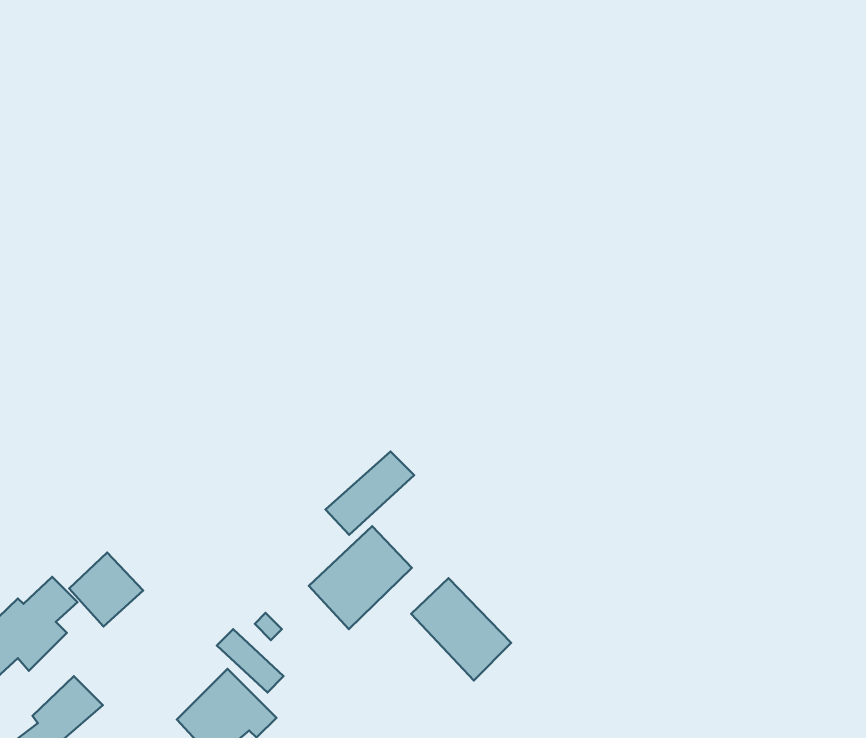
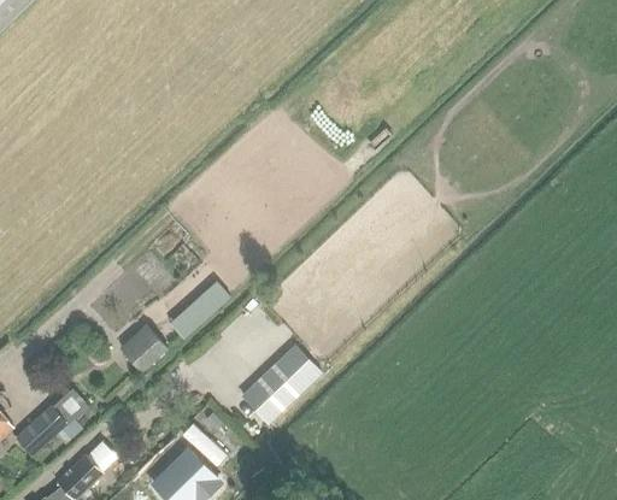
building: [326,452,414,535] -> [170,280,229,335]
building: [69,552,143,626] -> [118,323,168,372]
building: [411,578,511,680] -> none

